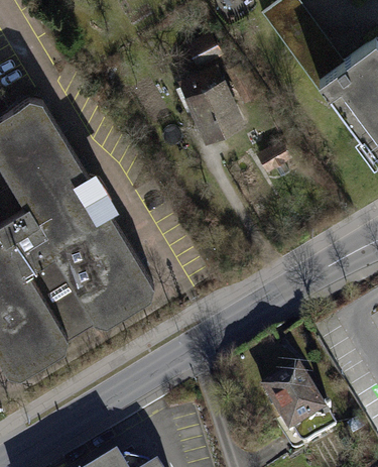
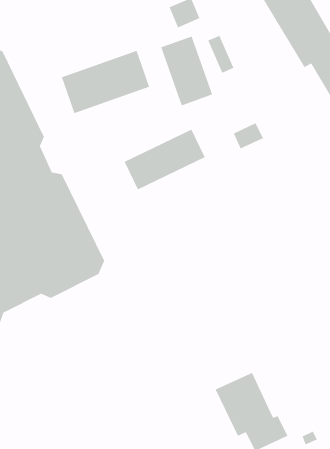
building: none -> [61,50,150,114]
building: none -> [124,128,206,191]

